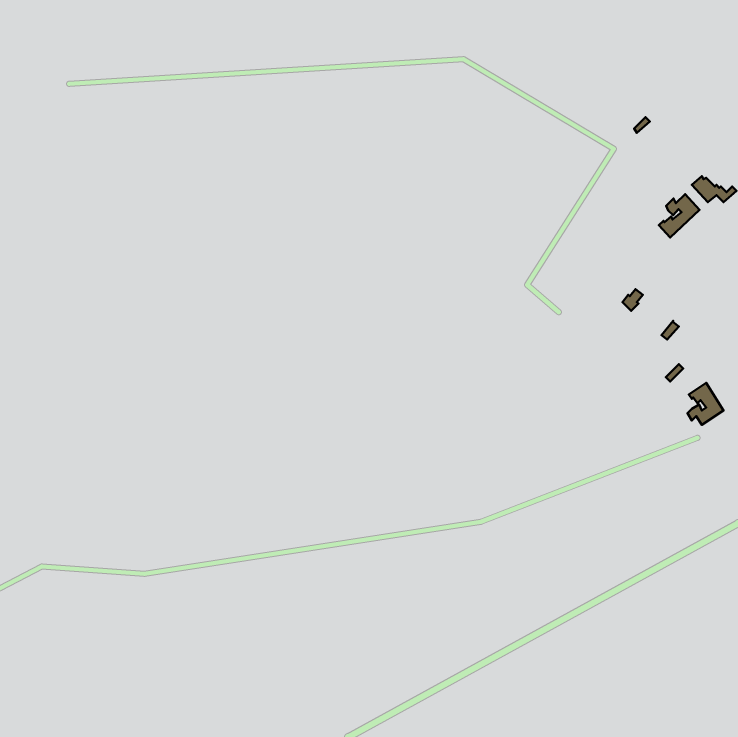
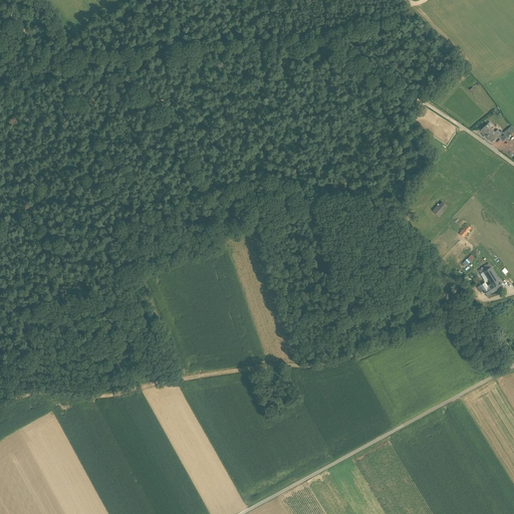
building: [659,194,699,238] -> none

